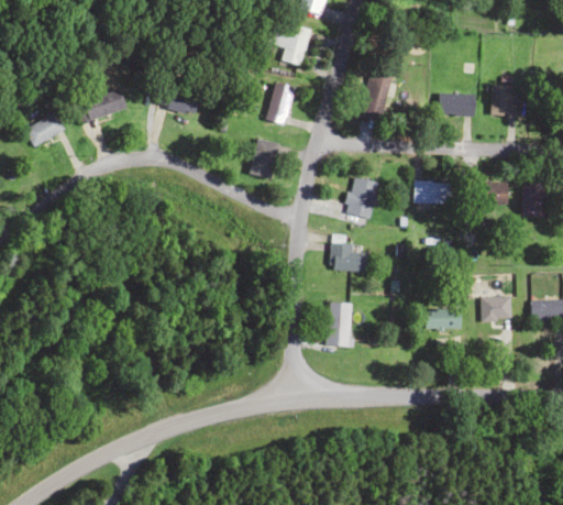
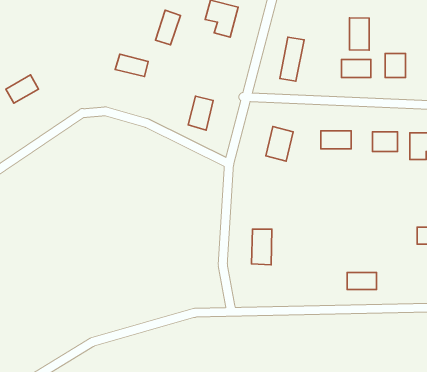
building: none -> [350,18,369,50]
building: [265,81,296,124] -> [155,10,180,45]
building: [79,89,128,121] -> none
building: [331,244,369,271] -> none
building: [481,297,511,321] -> none
building: [426,308,462,329] -> [347,272,376,289]

